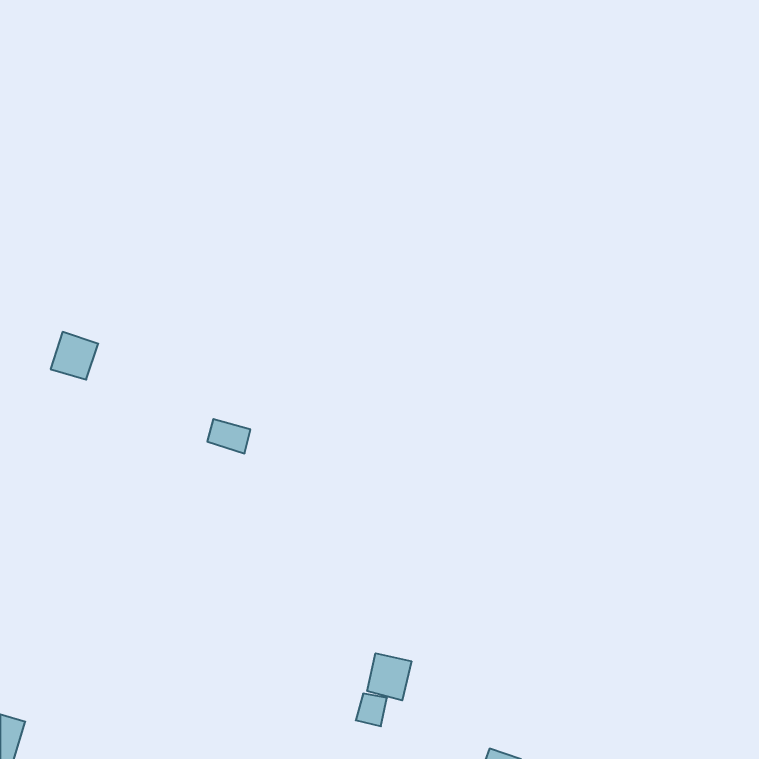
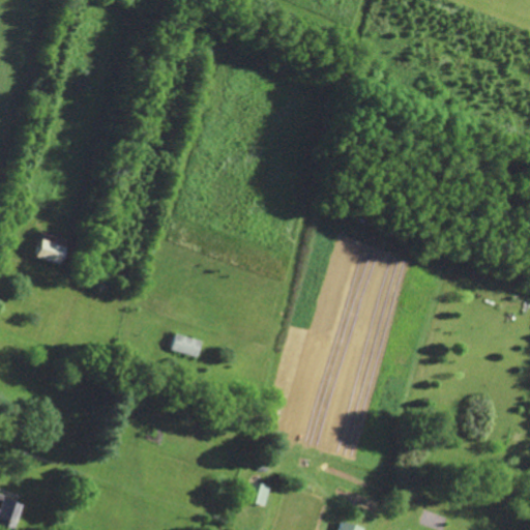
building: [207,419,250,453] -> [172,334,202,358]
building: [367,653,411,700] -> none

